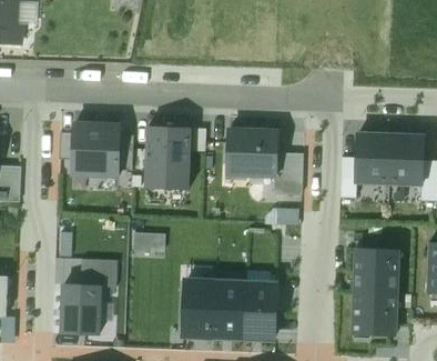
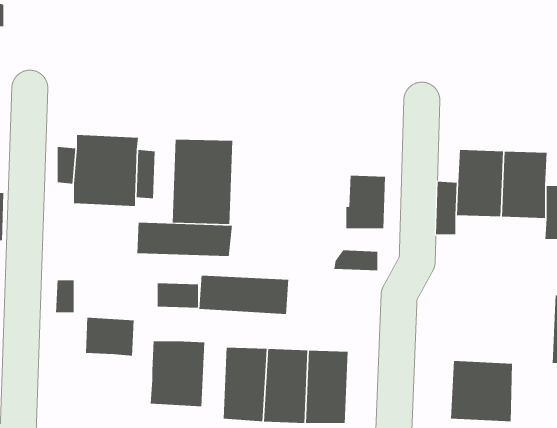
building: [226,130,277,177] -> none
building: none -> [137,222,232,257]
building: none -> [199,275,289,315]
building: [353,248,399,293] -> none
building: [60,285,101,334] -> [150,341,205,407]

